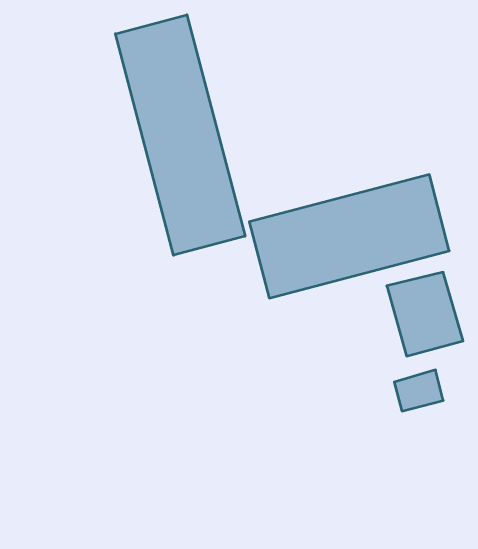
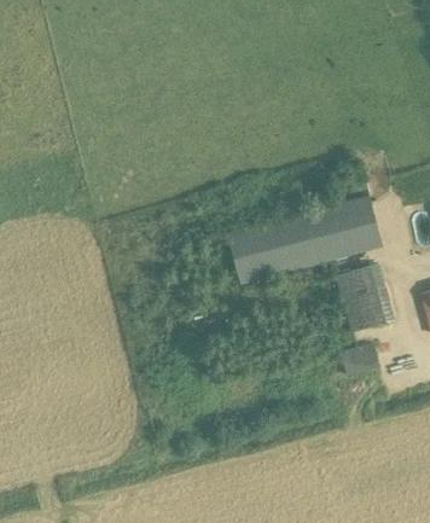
building: [115,15,245,255] -> none

